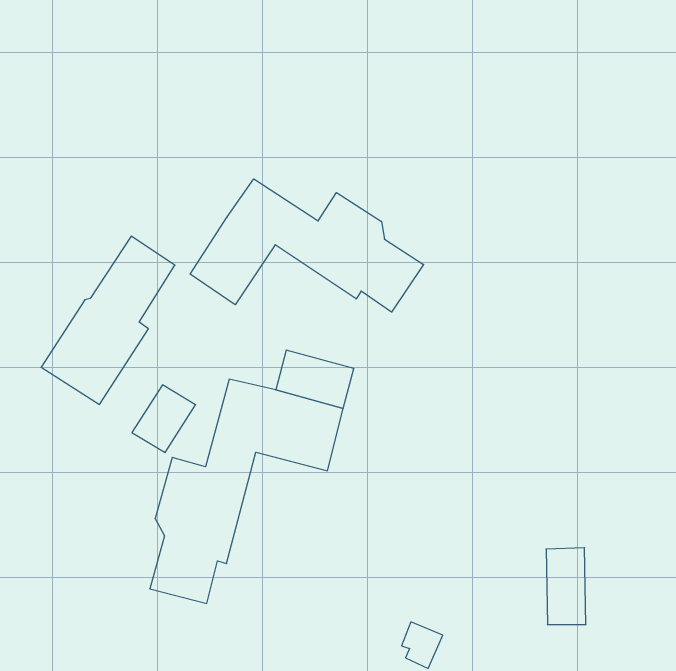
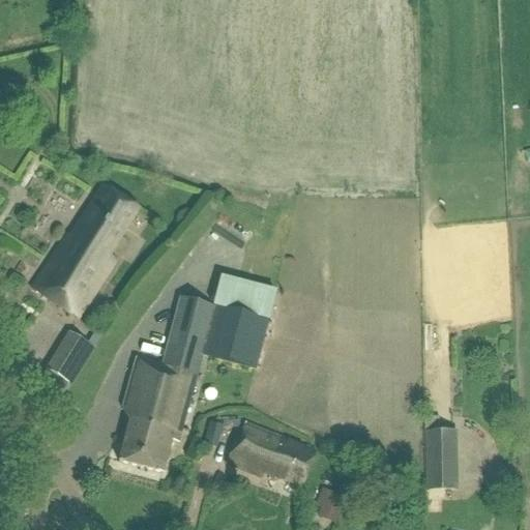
building: [190,179,424,312] -> none
building: [132,385,196,453] -> [46,329,95,382]
building: none -> [228,416,316,483]

